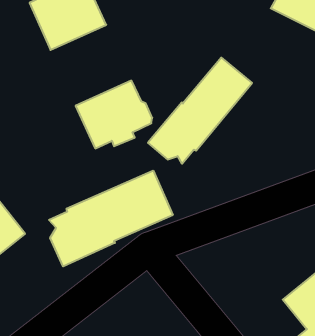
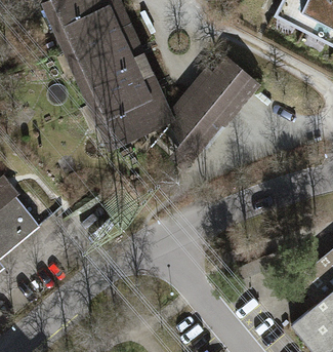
building: none -> [67,29,142,105]
building: [49,171,173,266] -> none

